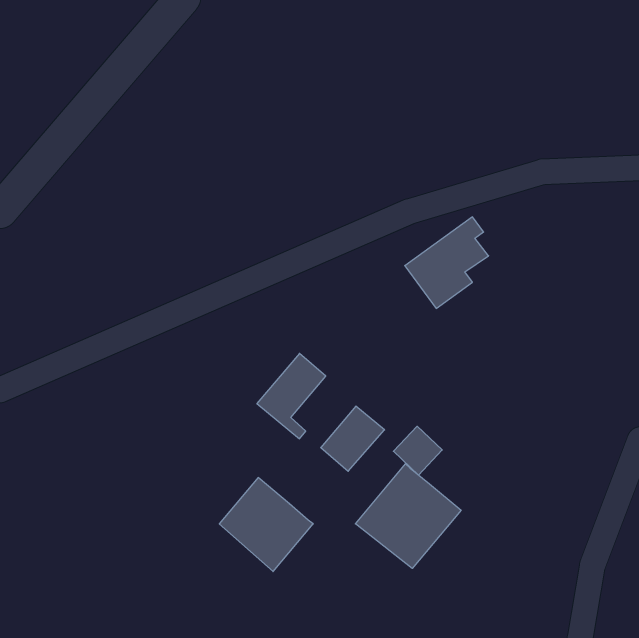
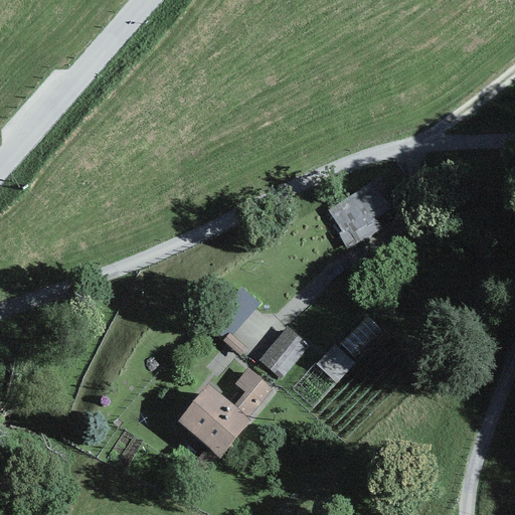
building: none -> [233,366,274,417]
building: [355,464,461,568] -> none

